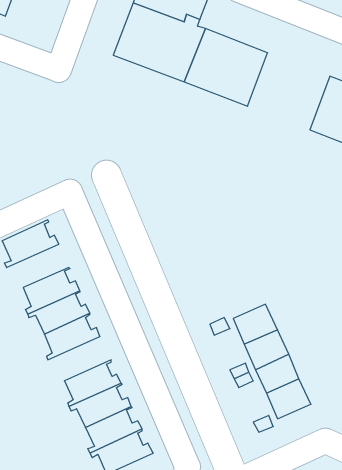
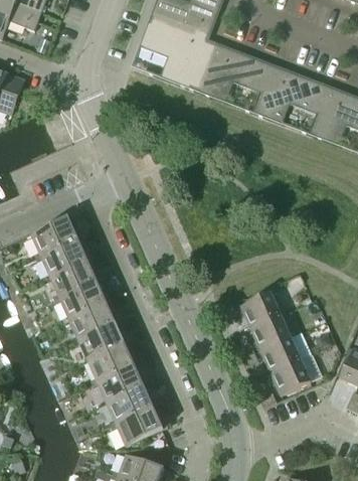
building: none -> [252,63,327,133]
building: none -> [34,236,91,276]
building: none -> [71,320,129,360]

